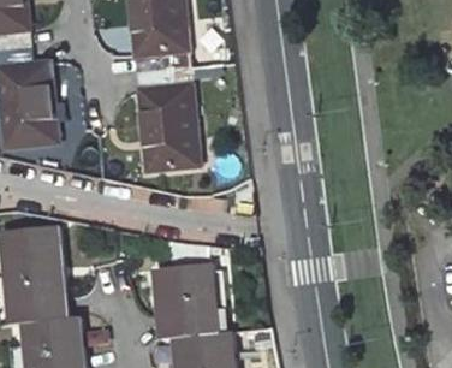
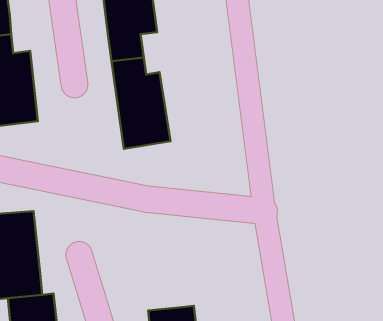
building: [156,269,214,342] -> none

